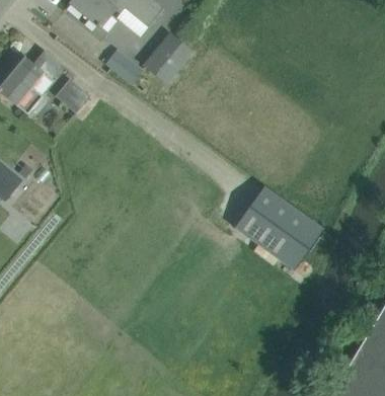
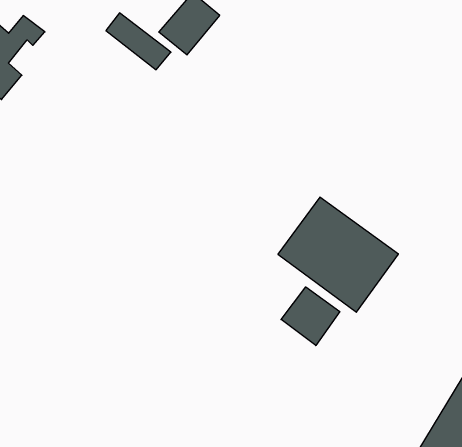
building: [56,78,90,111] -> none
building: none -> [281,287,340,346]

